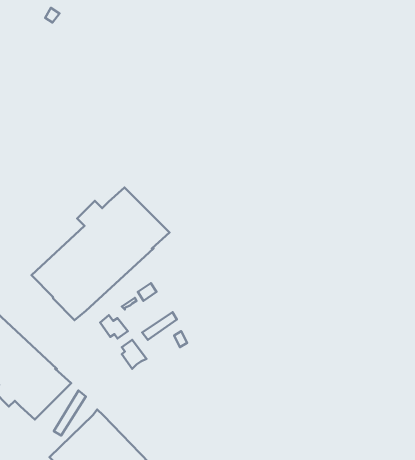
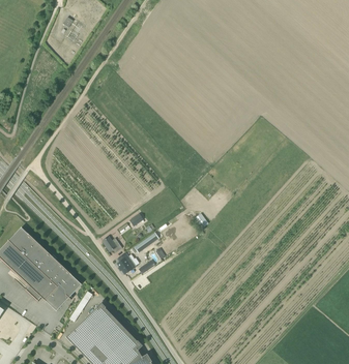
building: [31,187,170,320] -> none

